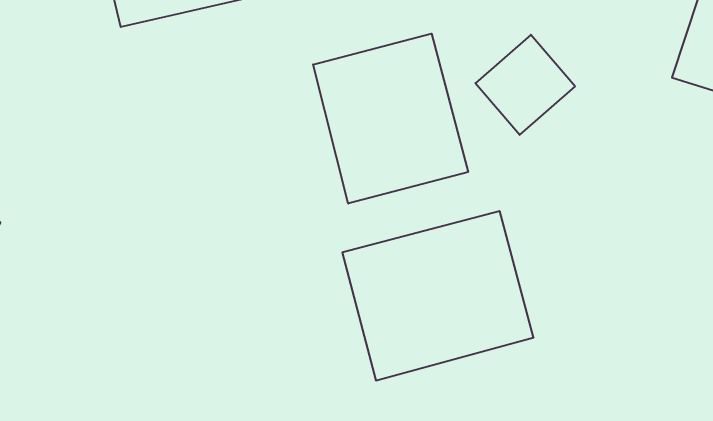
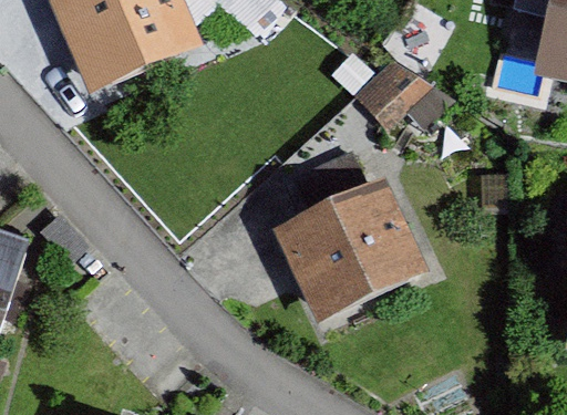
building: [313,34,468,204] -> none

